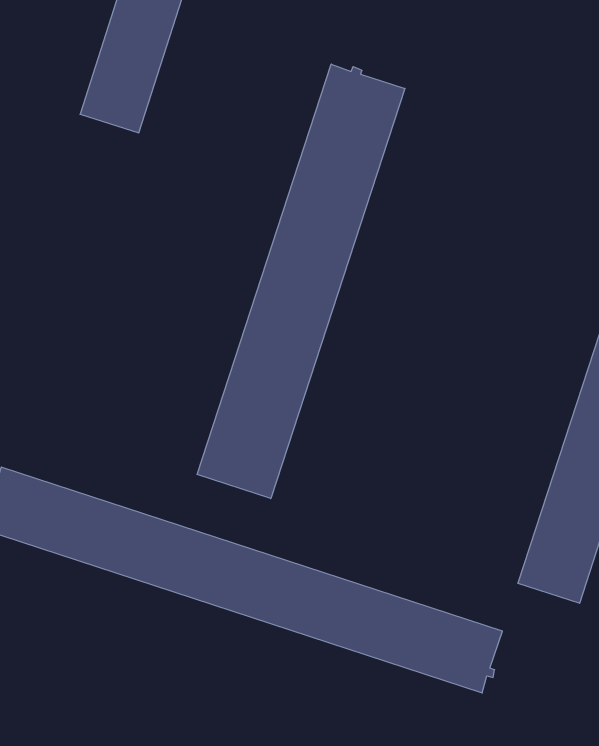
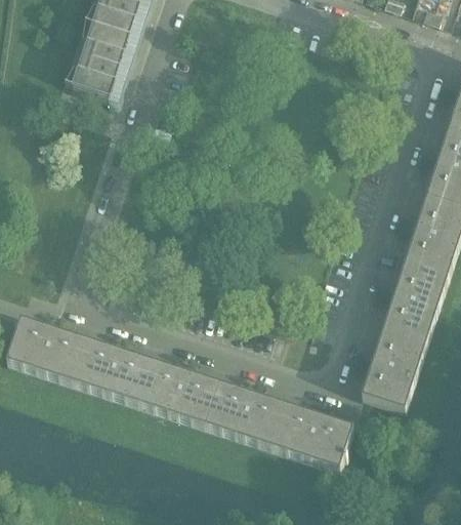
building: [197,64,405,499] -> none

